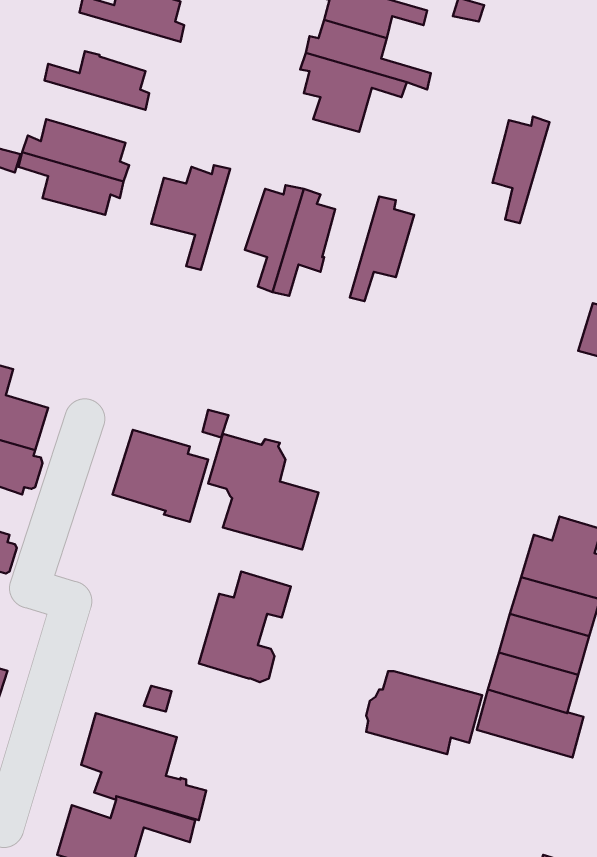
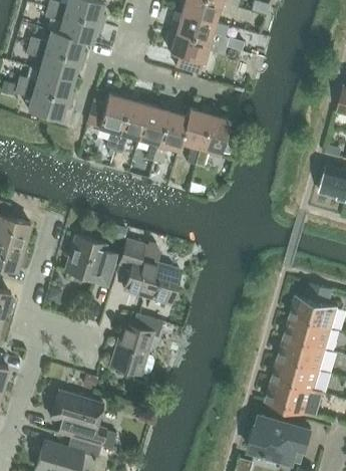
building: none -> [44,8,102,42]
building: none -> [25,45,83,79]
building: [492,117,549,223] -> [180,105,211,164]
building: none -> [113,93,148,152]
building: [366,671,482,754] -> [248,416,311,461]

